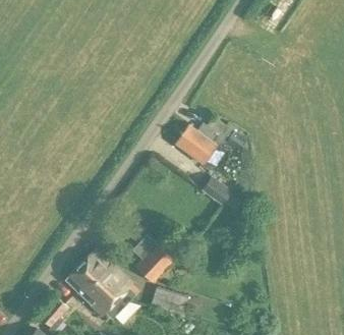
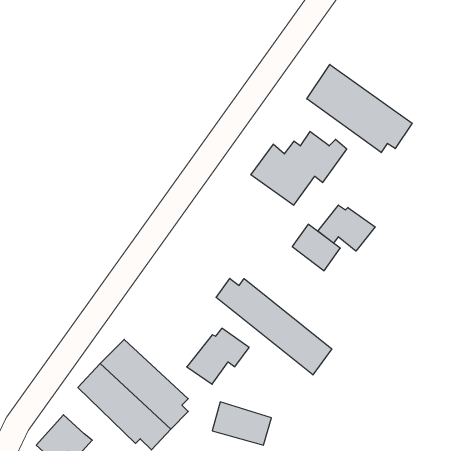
building: none -> [307,64,412,153]
building: none -> [318,205,375,251]
building: none -> [216,278,332,375]

